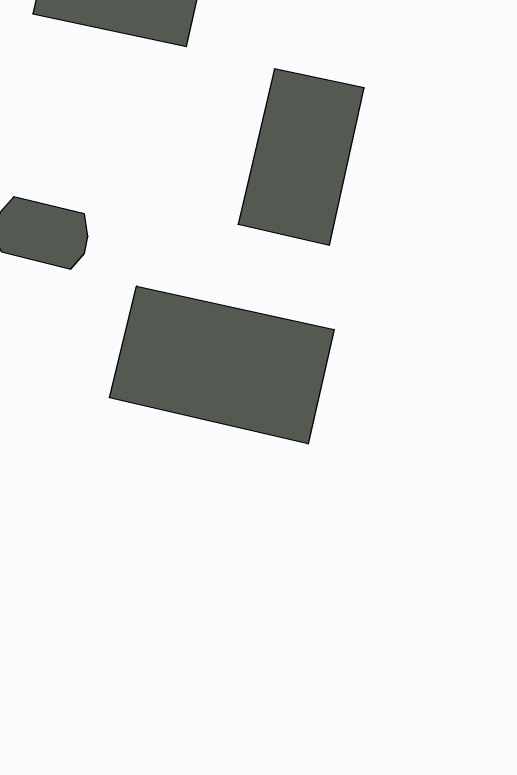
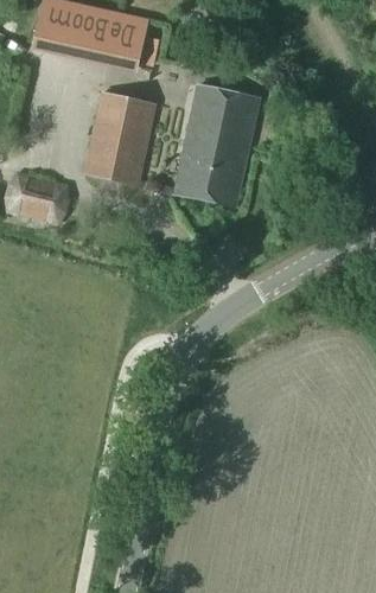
building: none -> [84,91,155,184]
building: [110,286,334,444] -> none

